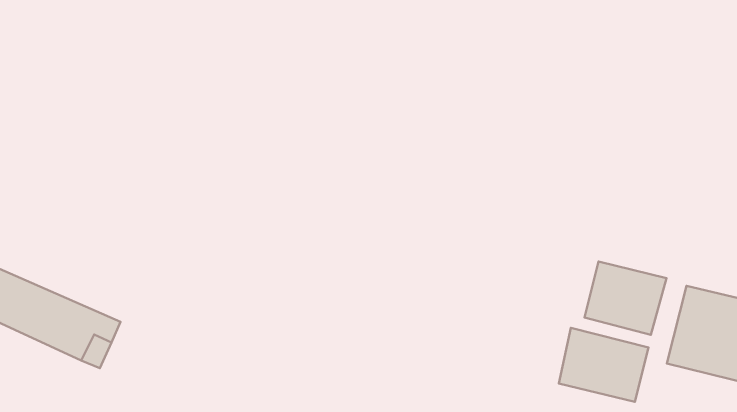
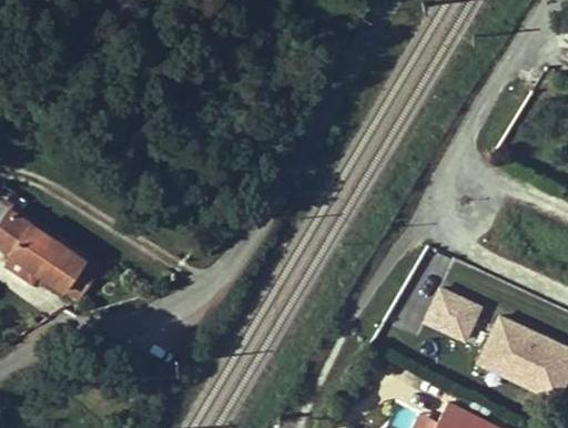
building: [559,328,648,402] -> none

